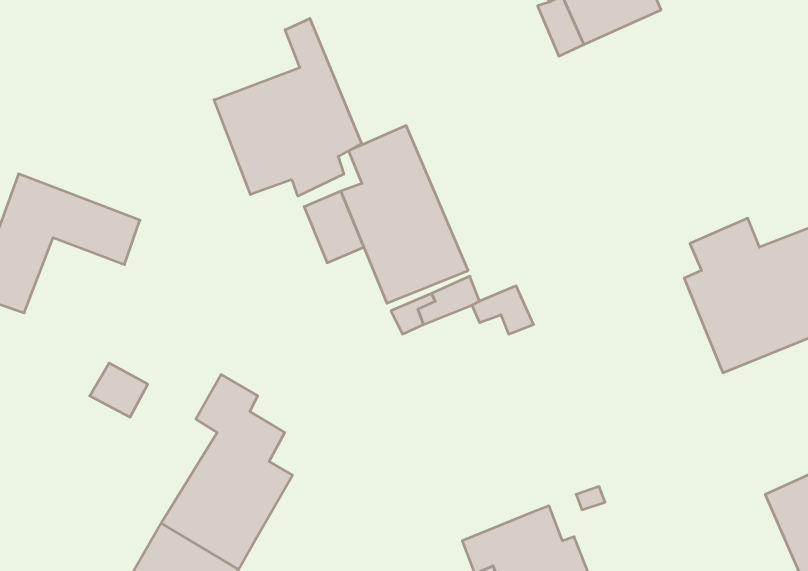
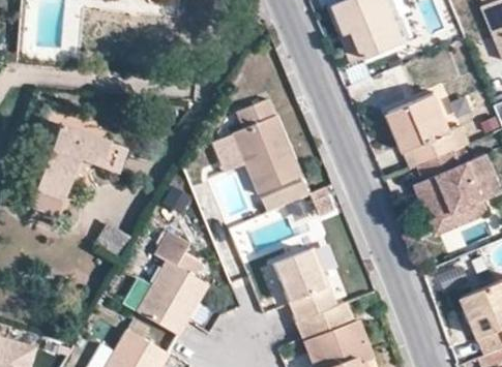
building: [214,18,361,196] -> none
building: none -> [386,93,455,169]
building: none -> [273,250,335,323]

